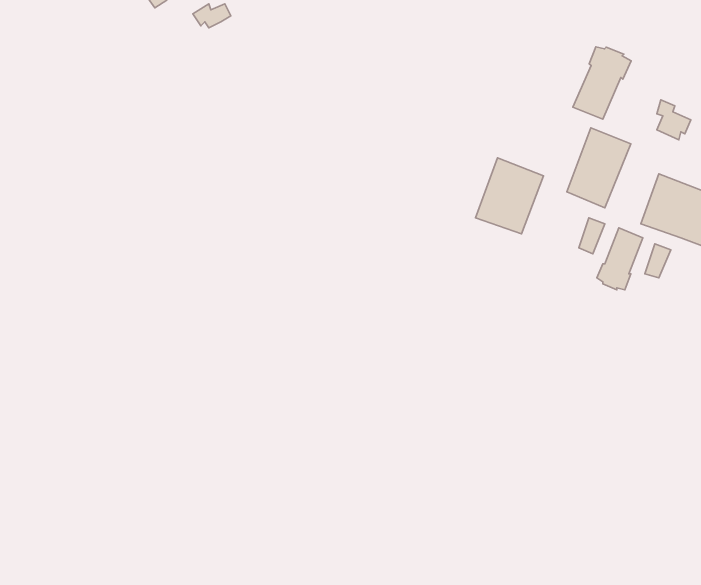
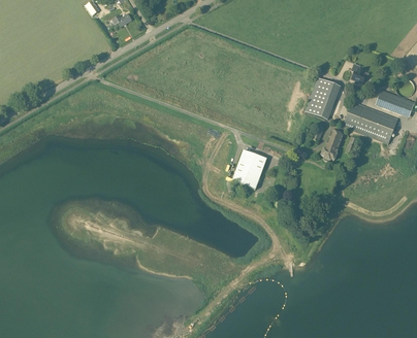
building: [573,47,631,119] -> none
building: [475,158,543,234] -> [232,148,267,188]

